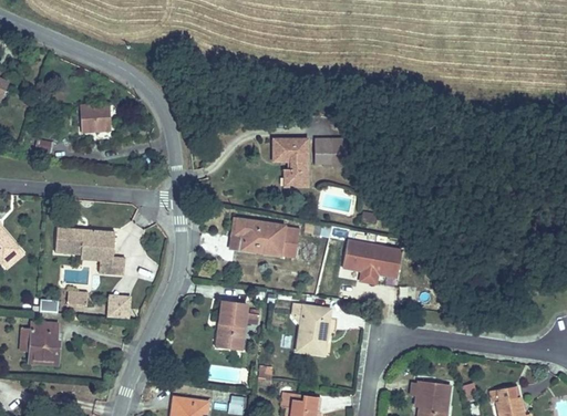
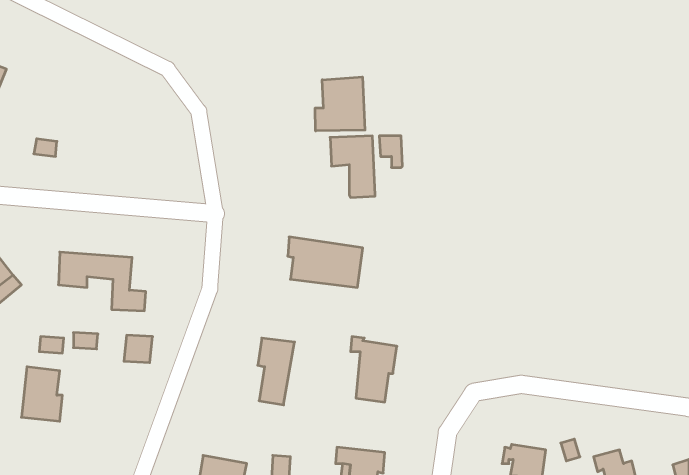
building: none -> [315,77,365,131]
building: [80,101,115,132] -> none
building: [341,236,400,279] -> none

